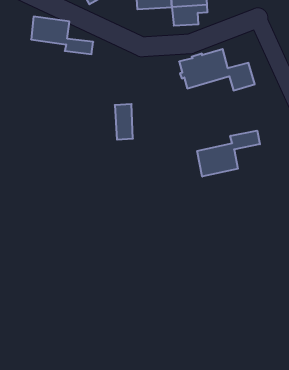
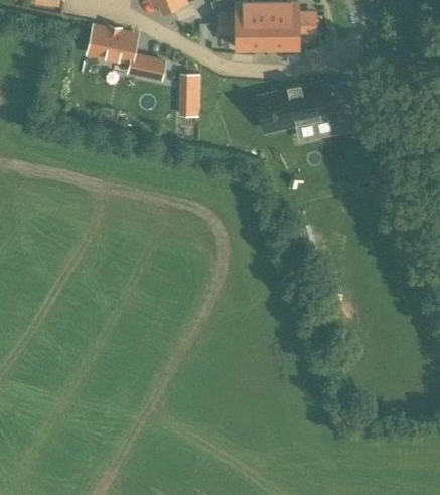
building: none -> [222,26,266,49]
building: [115,104,133,140] -> [180,74,201,117]
building: [197,131,260,177] -> none

